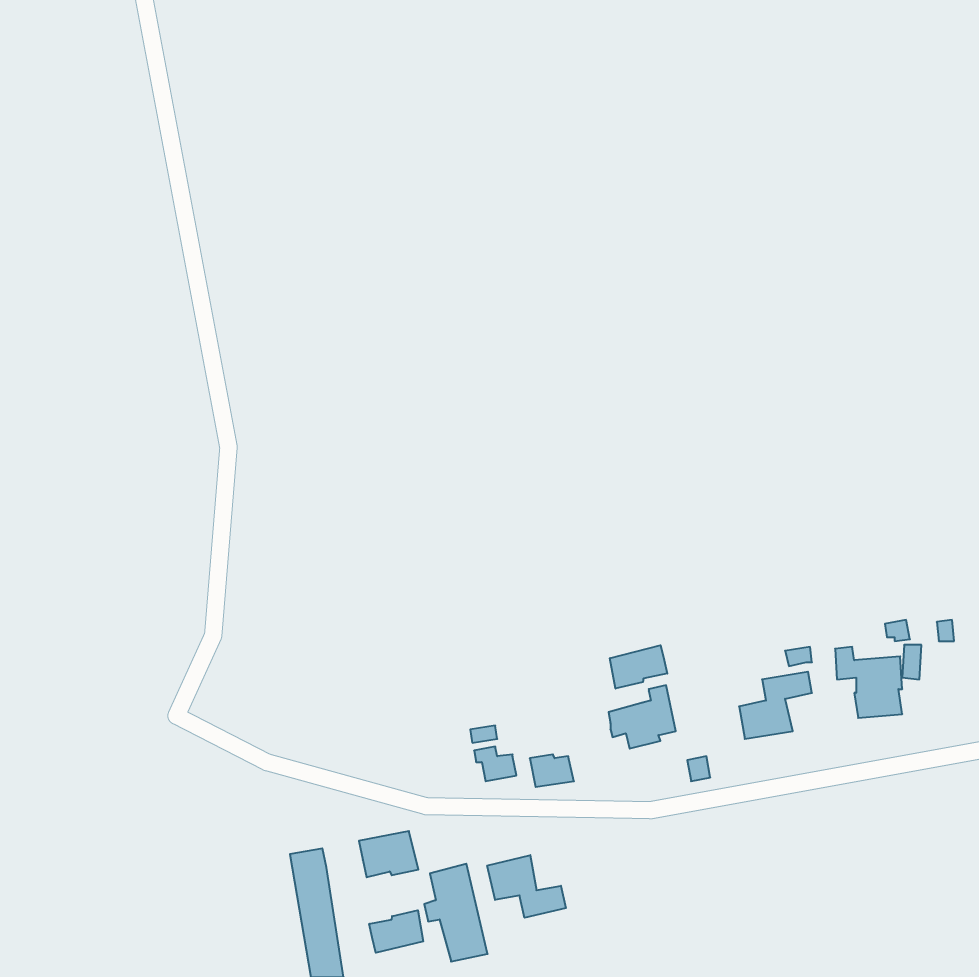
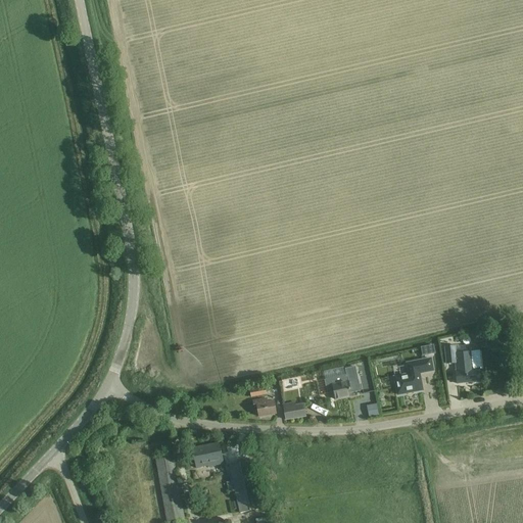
building: [610,645,667,689] -> none
building: [487,855,566,918] -> none
building: [369,910,423,953] -> none

